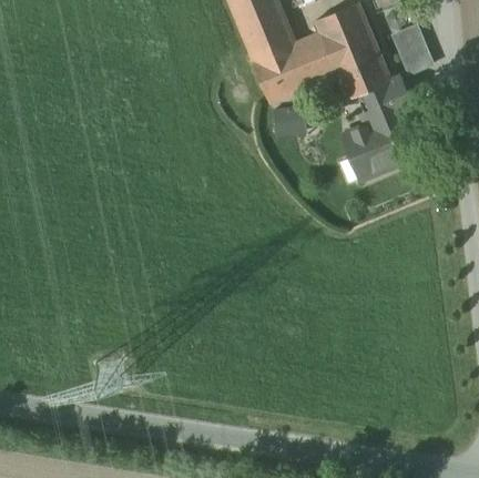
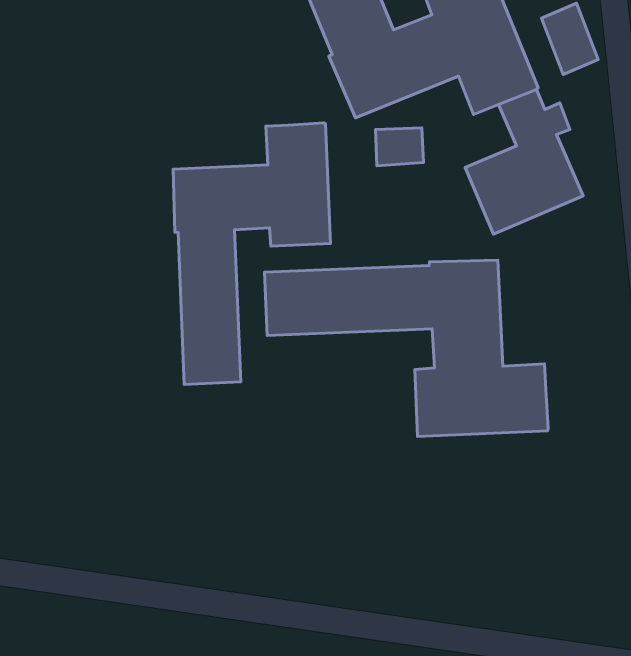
building: none -> [173,123,331,384]
building: none -> [264,260,548,436]

